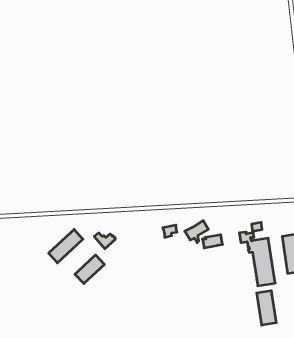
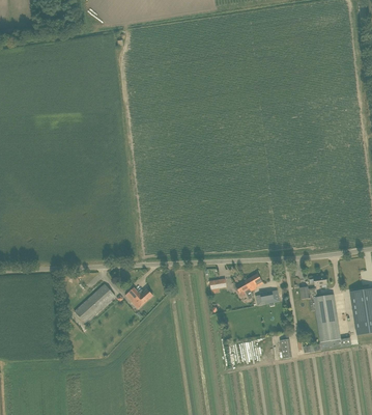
building: [75,255,104,284] -> none
building: [257,291,276,325] -> none

